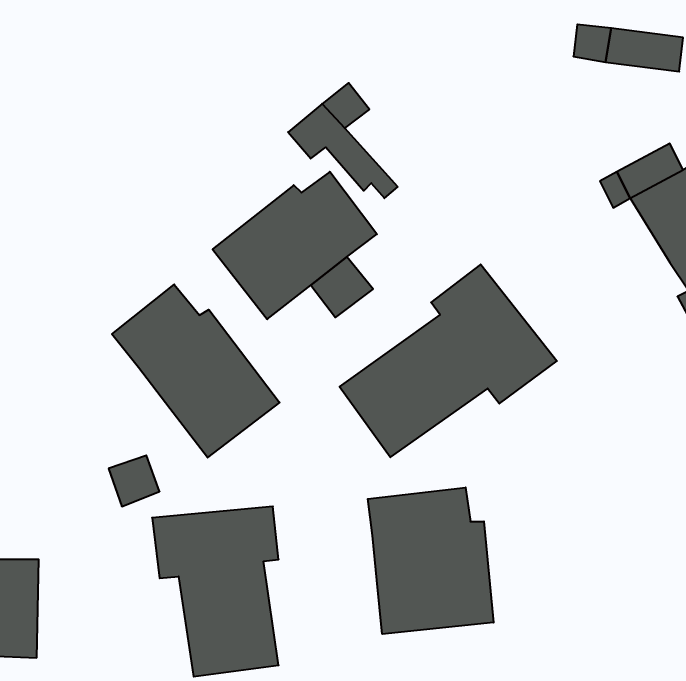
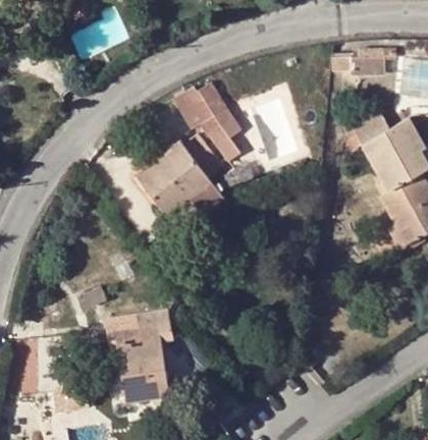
building: [340,264,557,457] -> none
building: [112,284,280,458] -> none
building: [368,487,494,634] -> none

